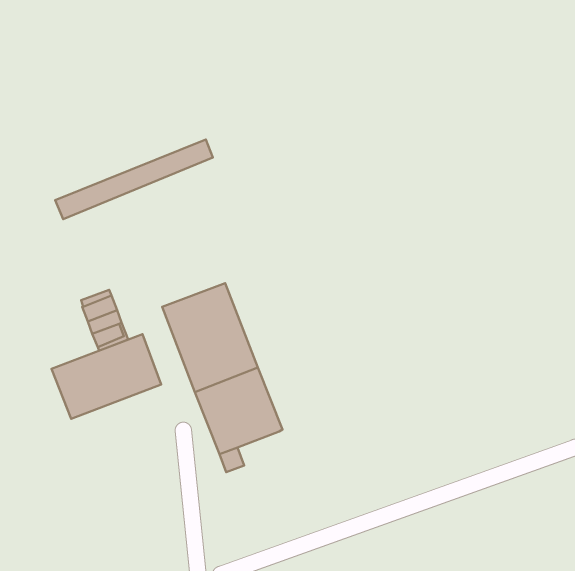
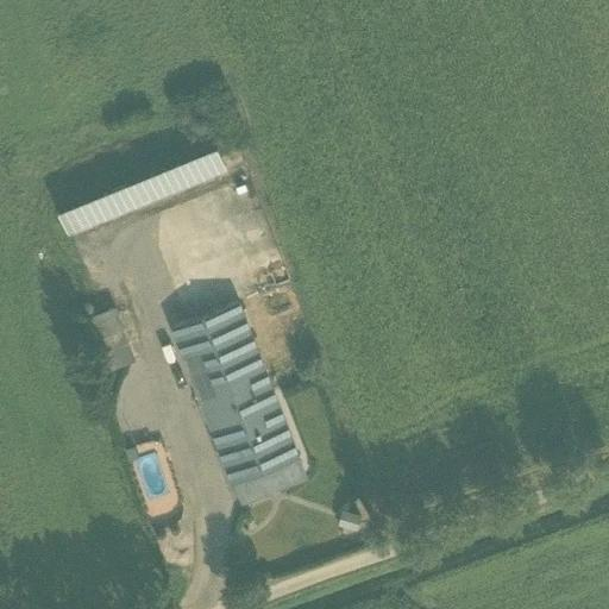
building: [52,334,161,419] -> none
building: none -> [251,460,302,496]

